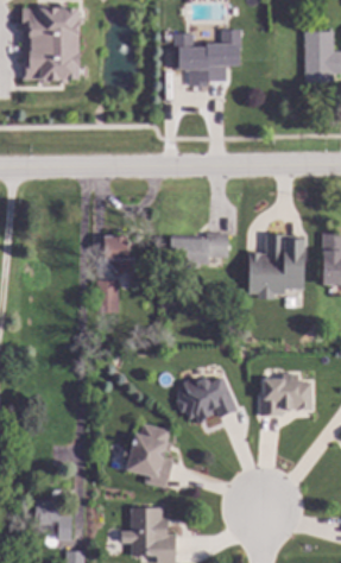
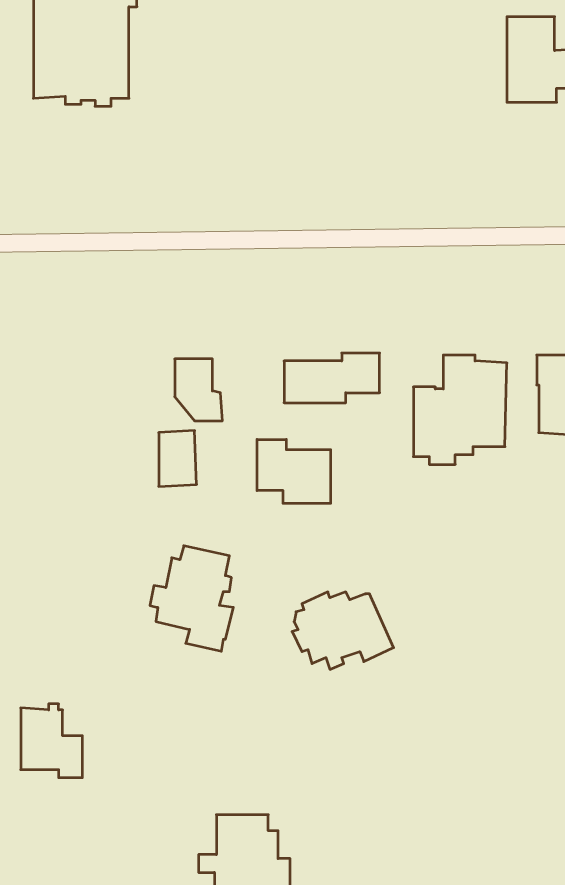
building: [175,43,240,84] -> none
building: none -> [257,439,331,503]
building: [260,372,312,415] -> none
building: [122,423,172,486] -> [150,546,233,651]
building: [34,496,71,540] -> [21,704,82,778]

